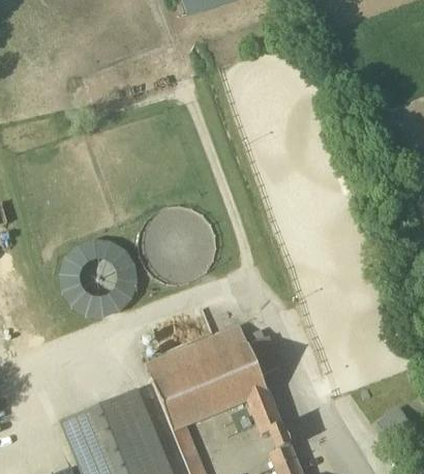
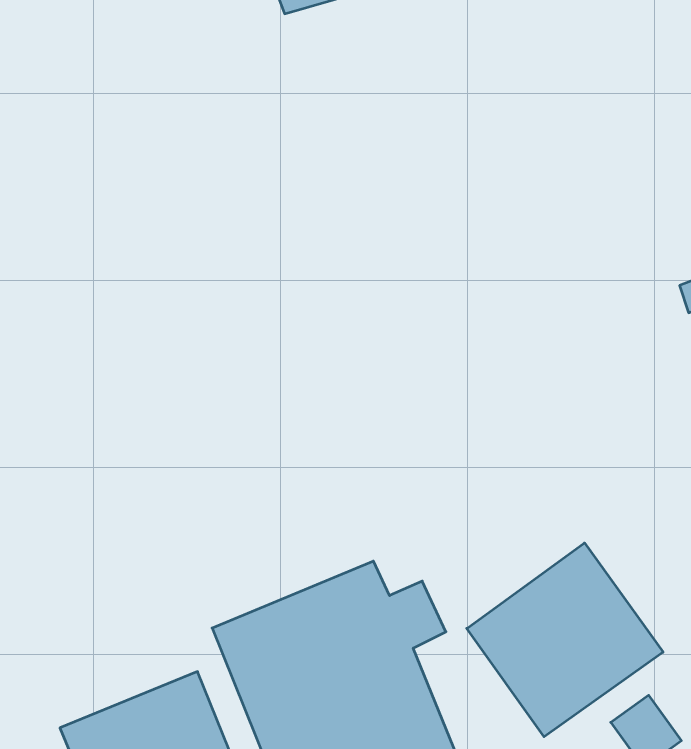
building: [57,234,144,322] -> none
building: none -> [467,543,663,737]

